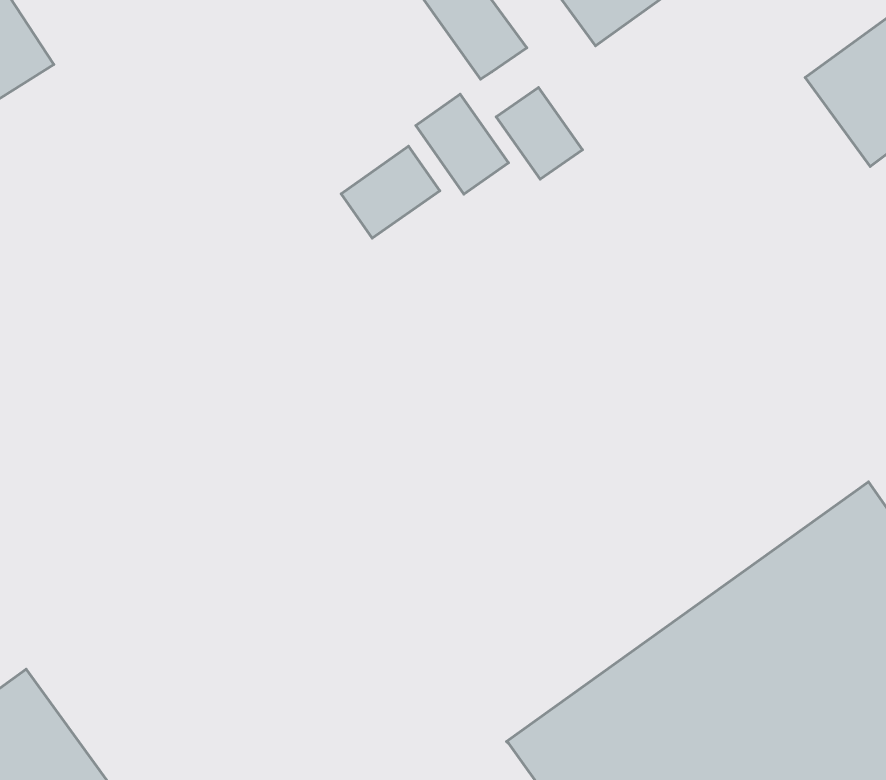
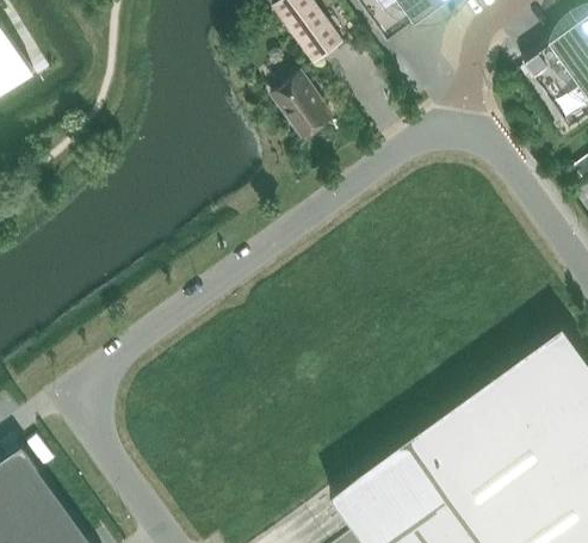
building: [496,87,582,179] -> none
building: [341,146,440,238] -> none

